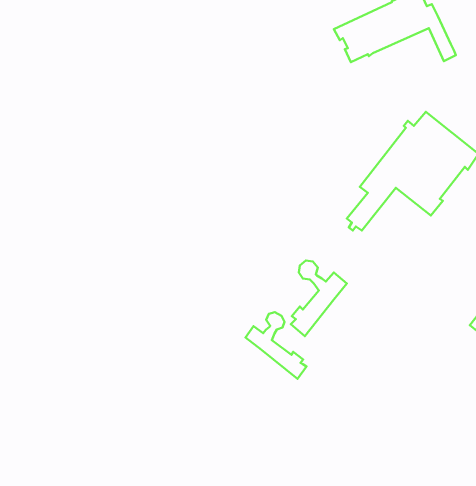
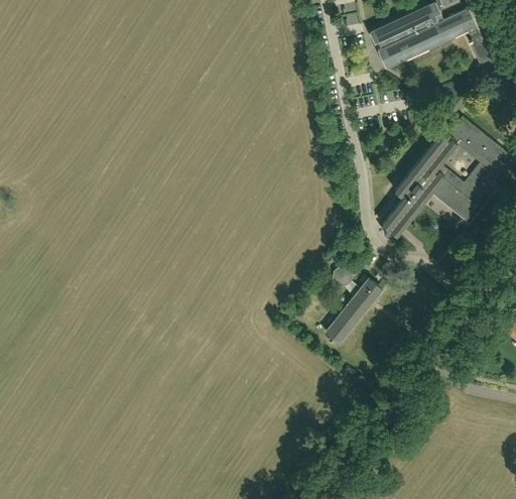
building: [245,312,306,379] -> none

